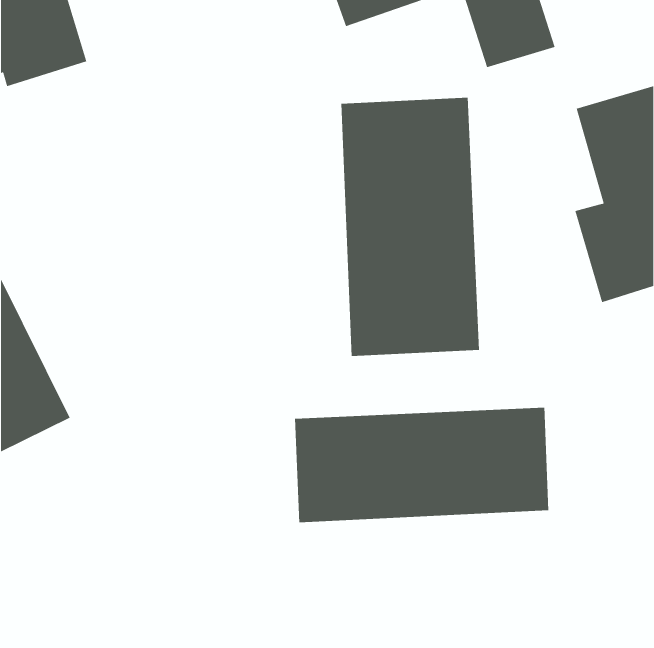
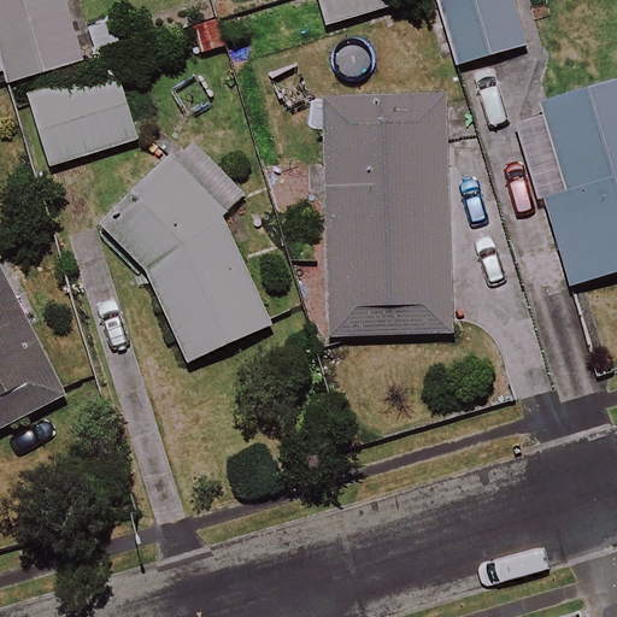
building: none -> [25,67,135,165]
building: none -> [101,135,264,363]
building: [295,407,549,523] -> none

